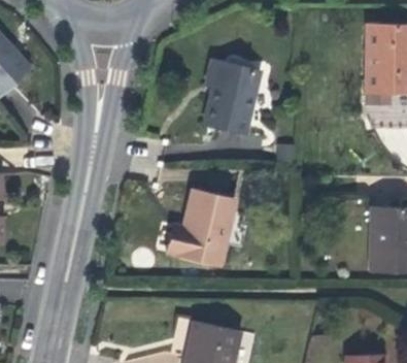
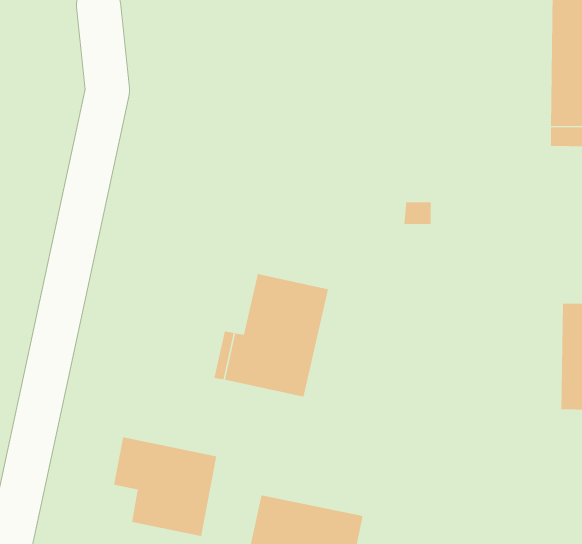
building: [204,60,259,132] -> none
building: none -> [113,437,217,537]

